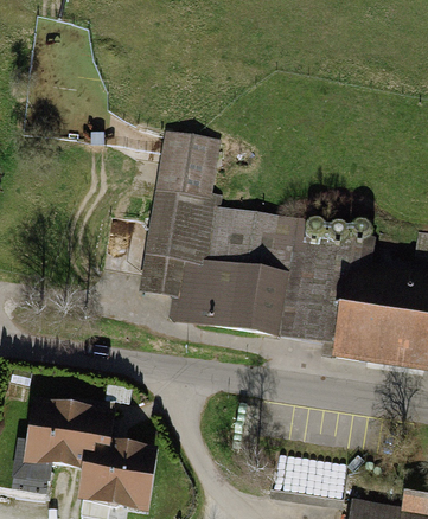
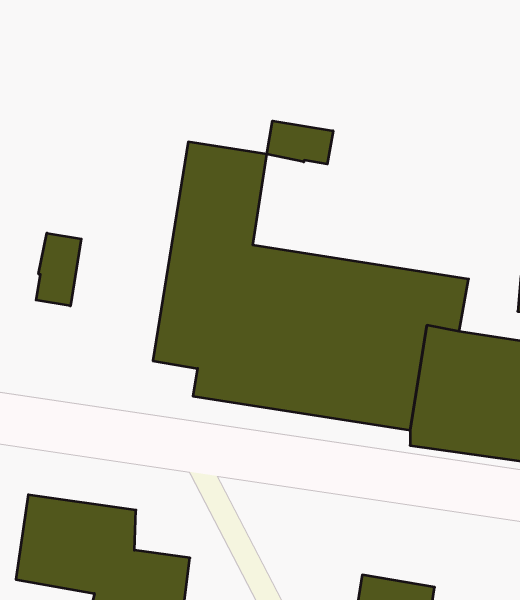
building: none -> [267,121,333,164]
building: none -> [36,233,81,306]

